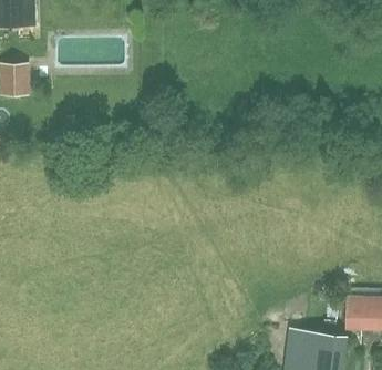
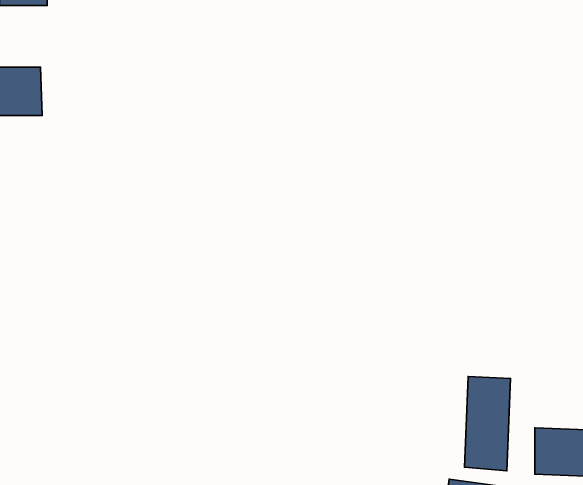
building: none -> [465,377,510,471]

